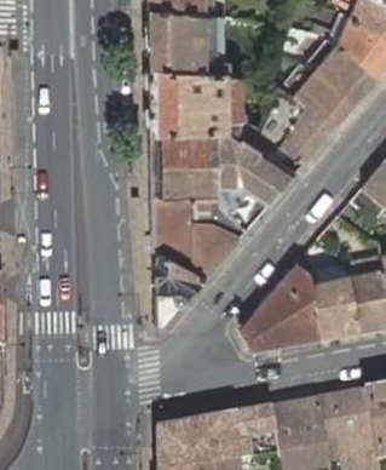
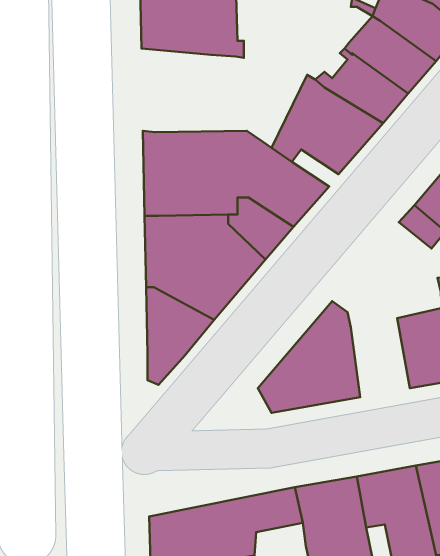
building: [151,63,246,136] -> none
building: [315,274,361,336] -> none

